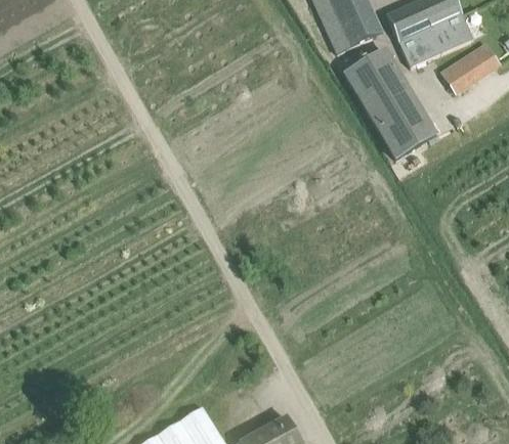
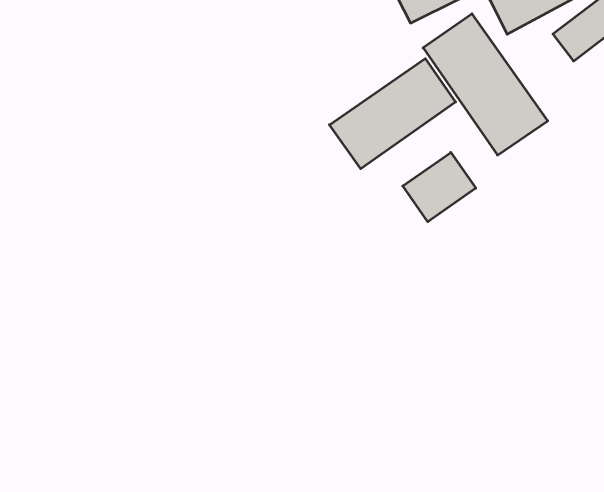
building: none -> [329,59,456,169]
building: none -> [403,152,476,222]

